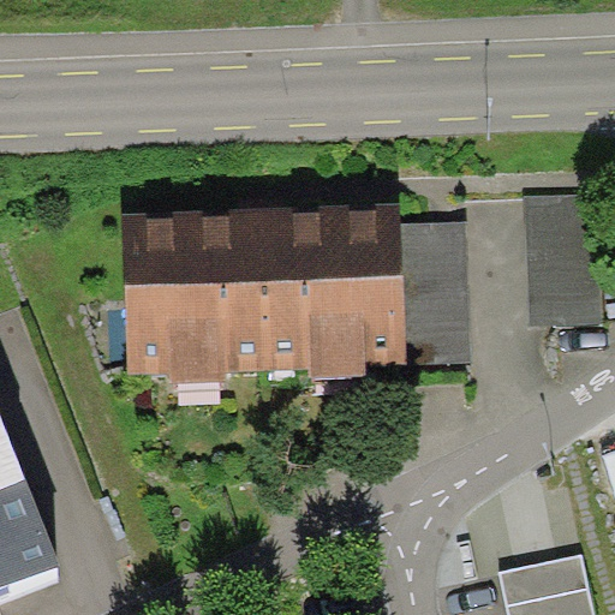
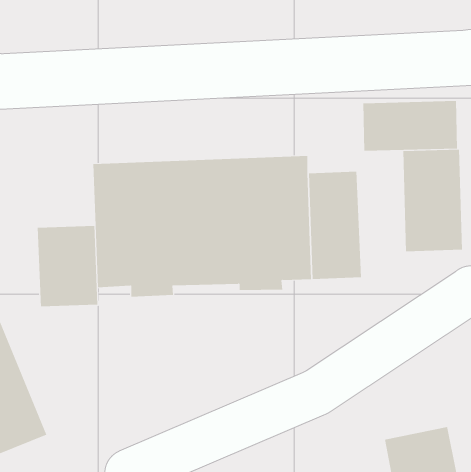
building: none -> [363,100,457,152]
building: none -> [37,225,98,307]

